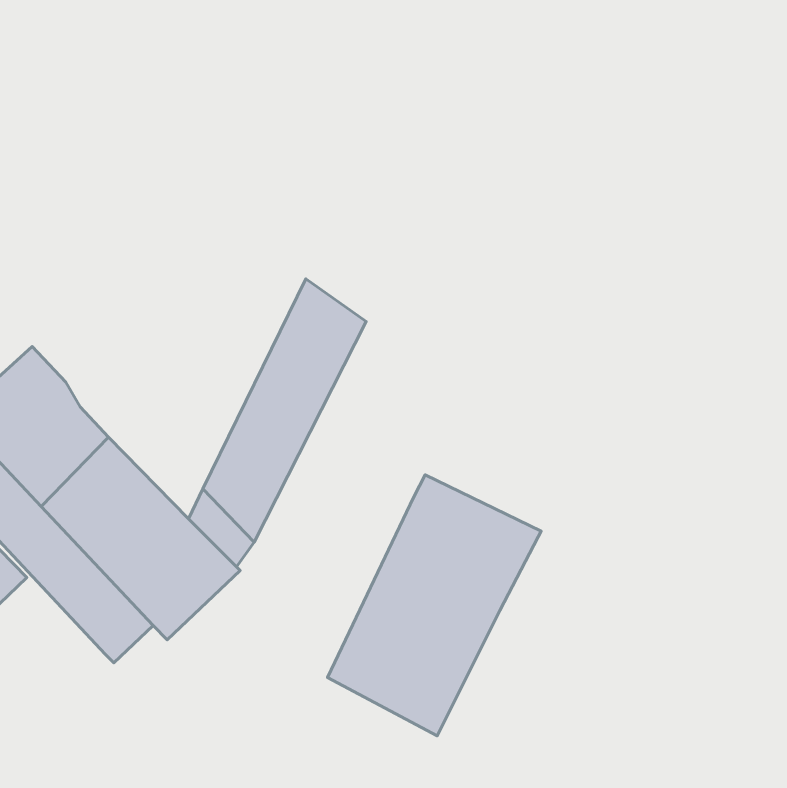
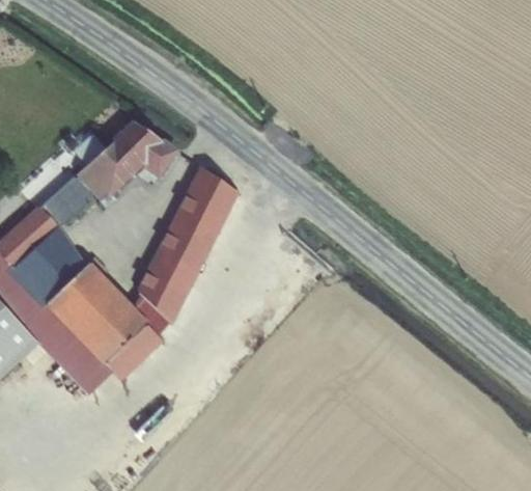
building: none -> [40,122,177,227]
building: [327,475,541,736] -> none

